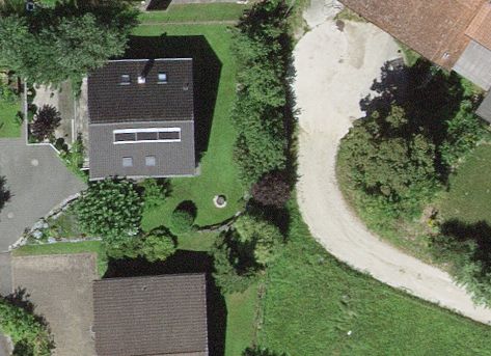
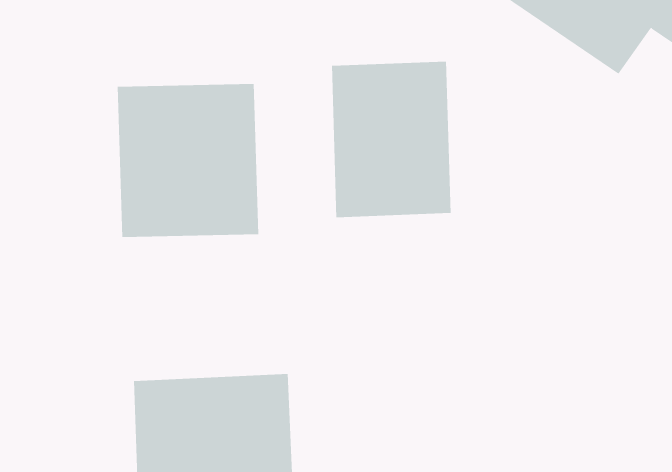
building: none -> [331,61,451,218]

